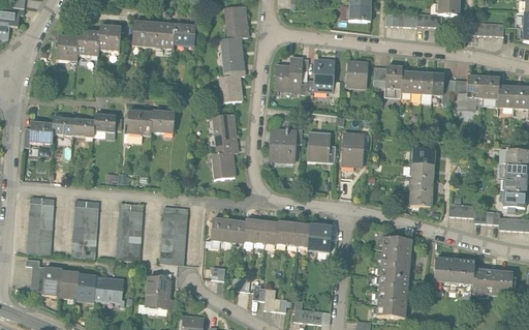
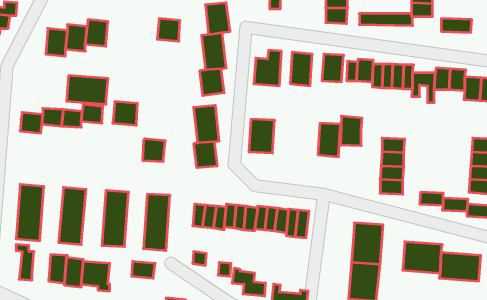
building: [132,19,176,49] -> [67,76,108,104]
building: [152,109,176,132] -> [143,139,165,161]
building: [308,130,331,161] -> [340,116,362,146]
building: [42,265,62,295] -> none
building: [145,292,169,310] -> none

